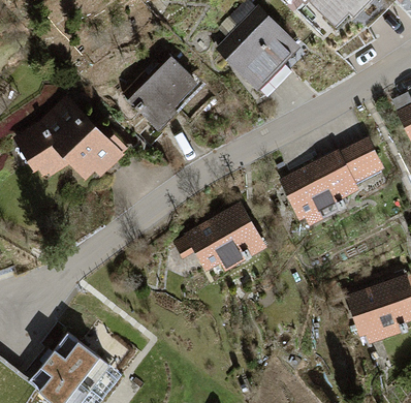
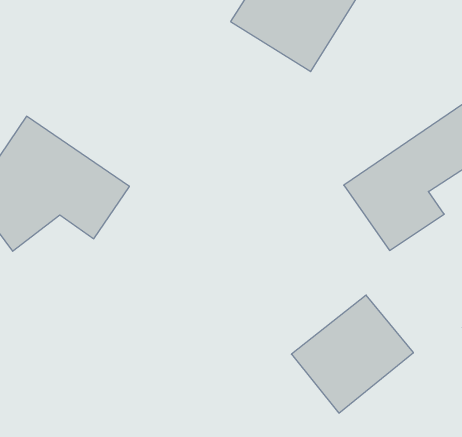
building: [128,57,204,133] -> none
building: [181,204,265,282] -> [291,295,413,413]

